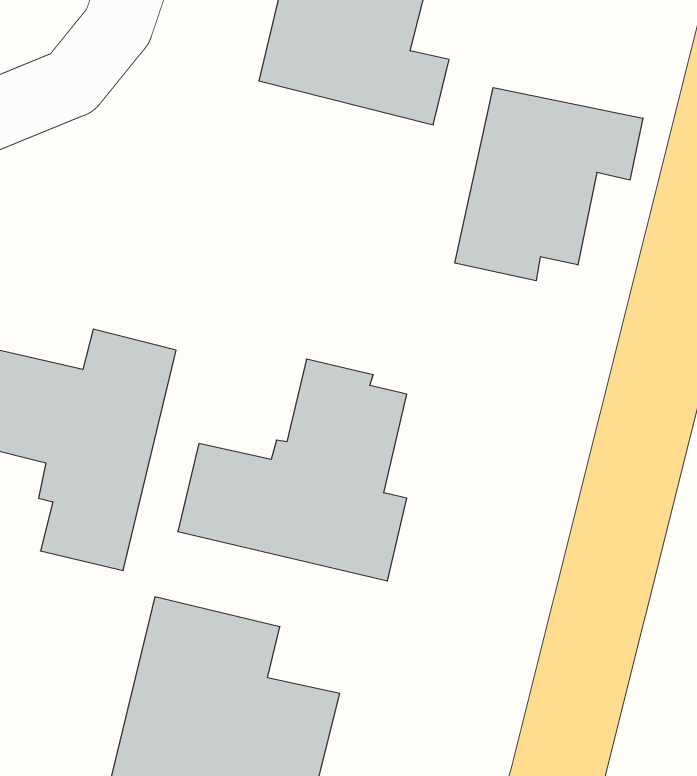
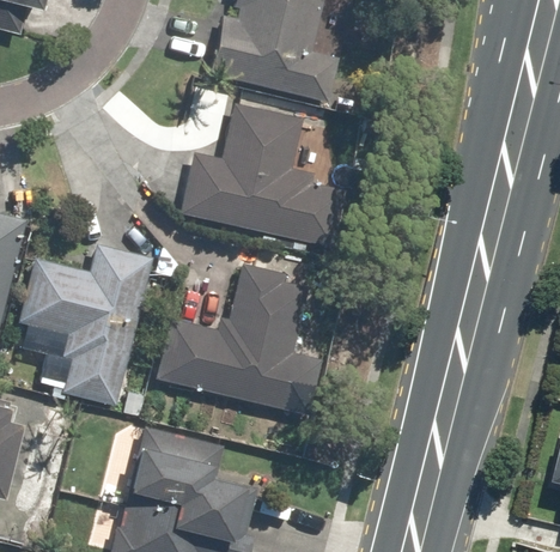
building: [455,88,643,281] -> none
building: none -> [179,103,342,247]

